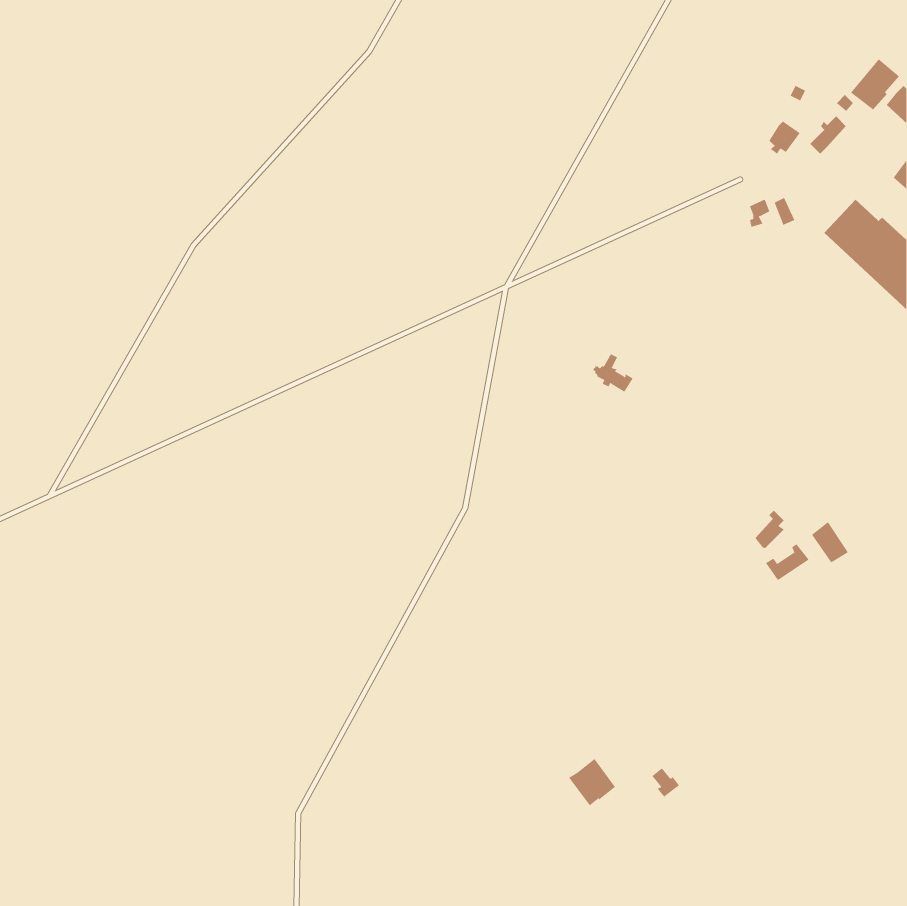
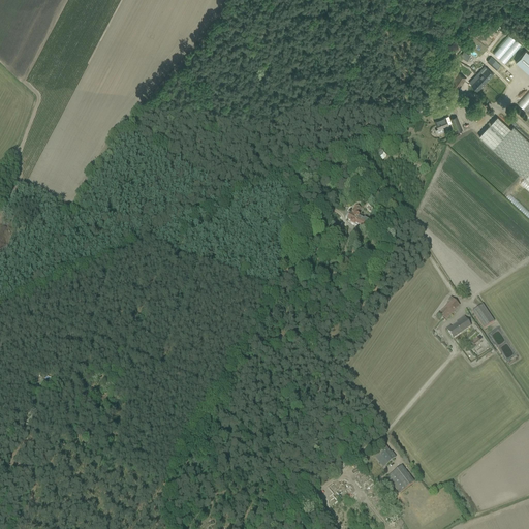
building: [568,758,616,806] -> [386,465,414,493]

